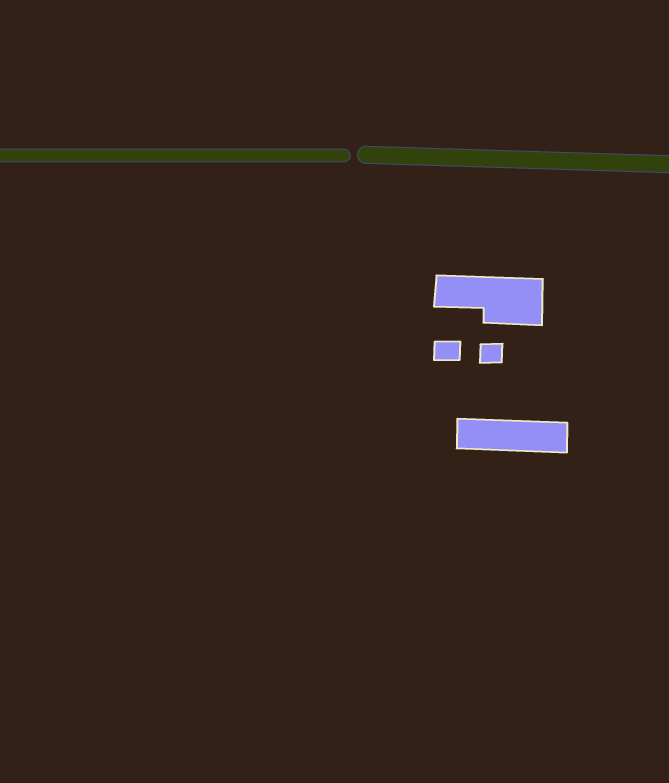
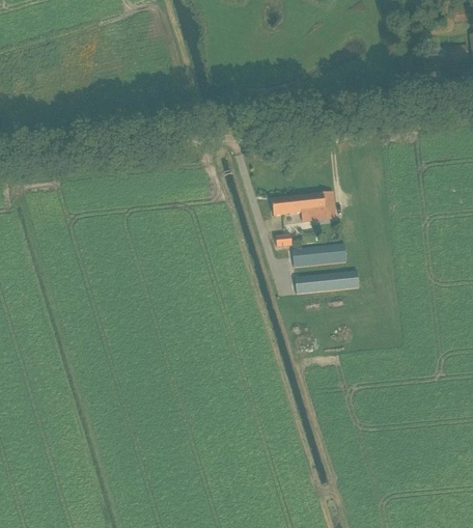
building: none -> [291,243,346,267]

